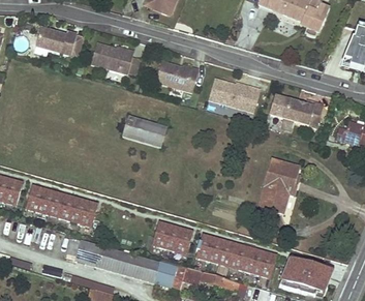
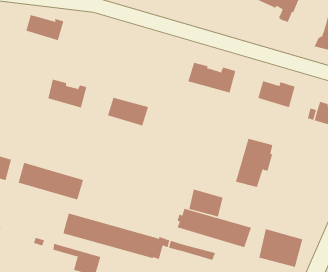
building: [91,41,133,72] -> [47,79,87,108]
building: [155,60,199,91] -> none
building: [154,220,191,250] -> [188,189,223,217]

